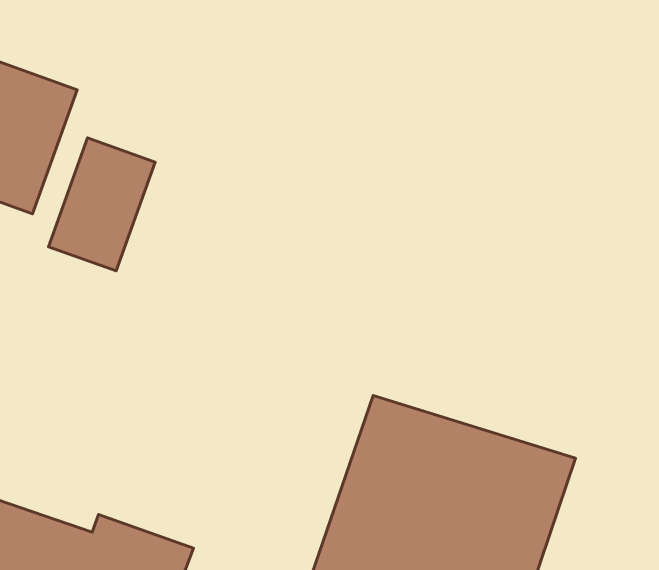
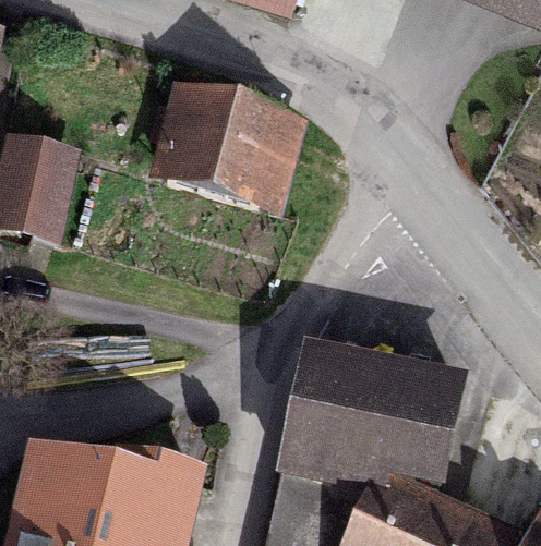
building: none -> [156,98,294,210]
building: [48,138,155,271] -> none

